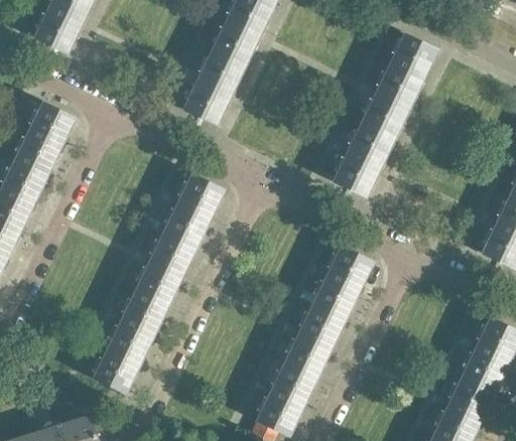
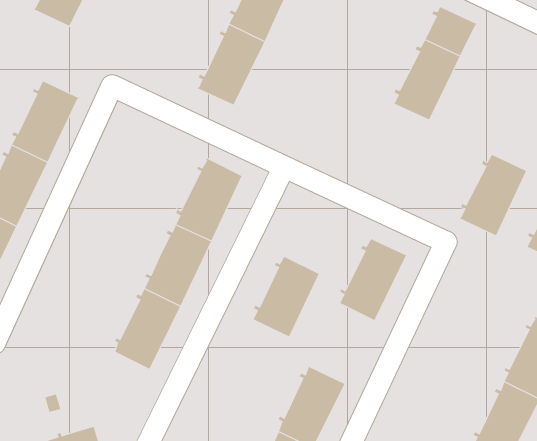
building: [333,123,394,197] -> [459,154,527,236]
building: [284,304,345,378] -> [253,256,319,337]
building: [92,348,140,395] -> none

